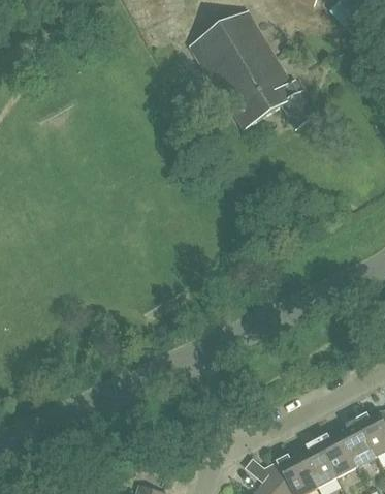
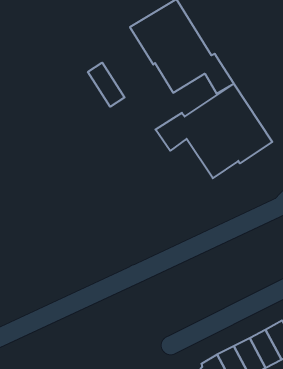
building: none -> [88,63,125,107]
building: none -> [155,84,272,178]

